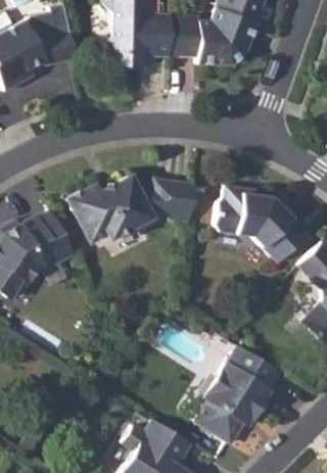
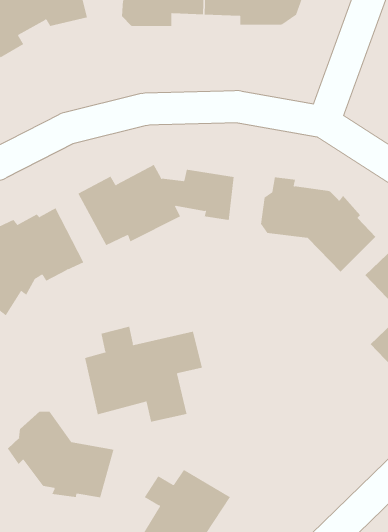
building: none -> [85,326,202,423]
building: [196,345,279,442] -> none
building: none -> [7,411,114,498]

